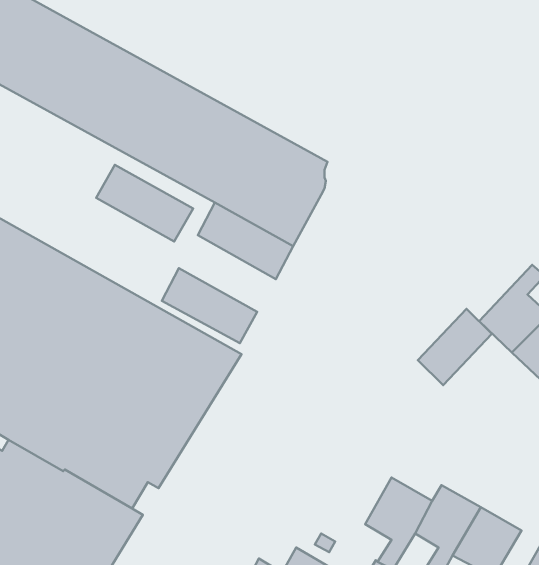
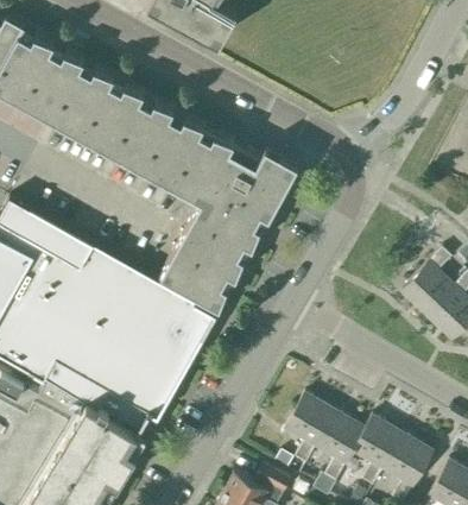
building: [96,165,193,241] -> [172,229,246,288]
building: [418,309,492,385] -> none
building: none -> [284,396,334,466]

